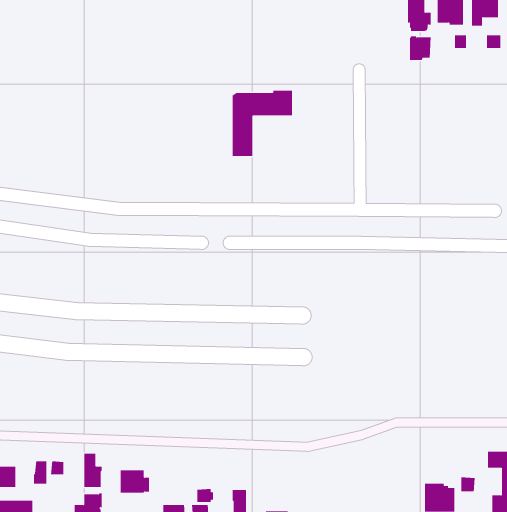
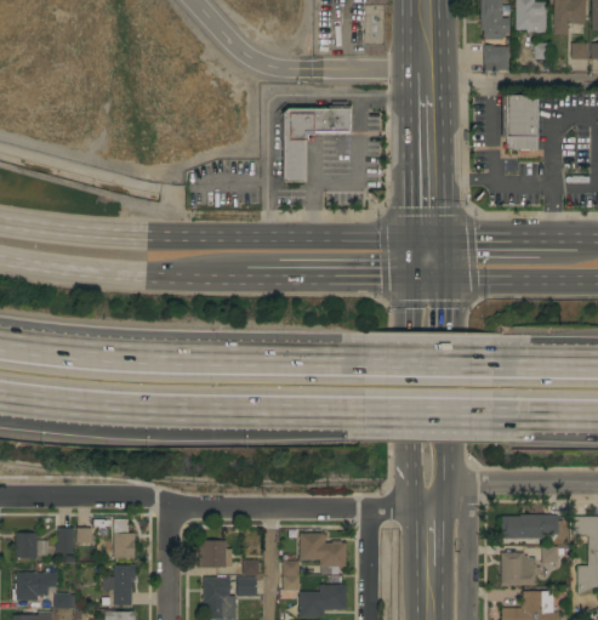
building: none -> [507,98,539,150]
building: none -> [502,514,559,546]
building: none -> [300,534,346,574]
building: [120,470,150,493] -> [199,541,233,568]

